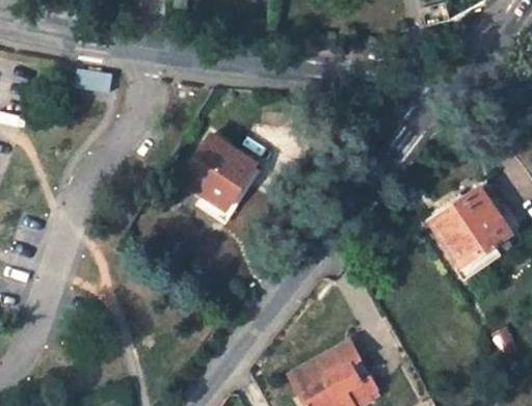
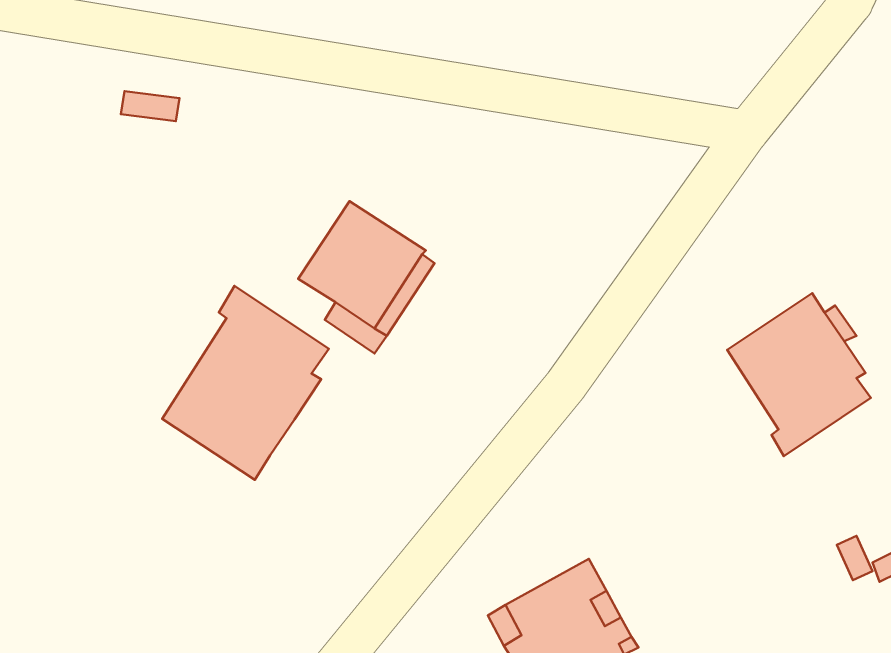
building: none -> [162,286,329,480]

